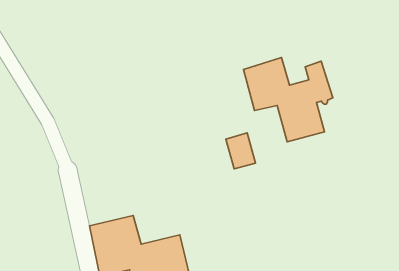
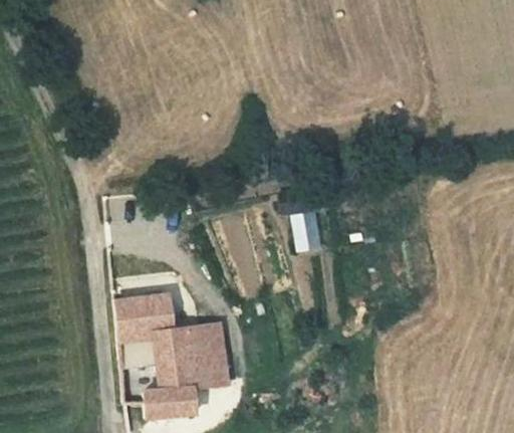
building: [243,58,333,142] -> none

